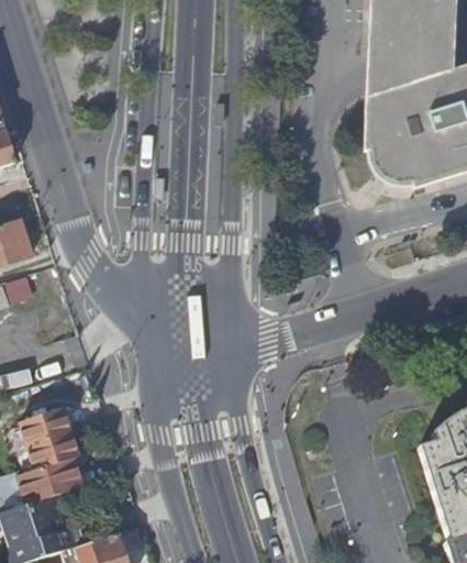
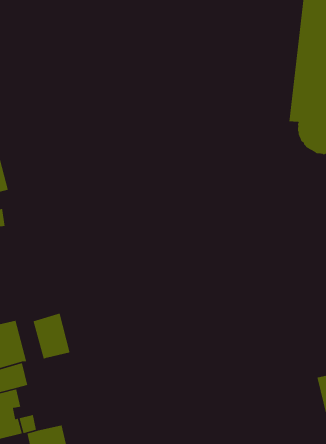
building: none -> [32,313,71,360]

